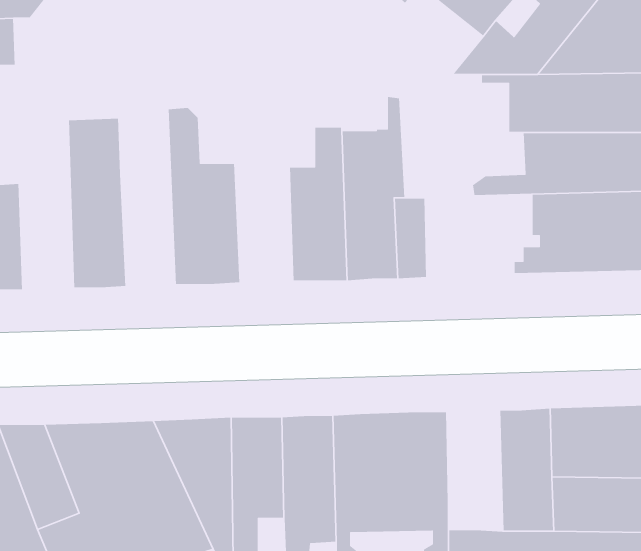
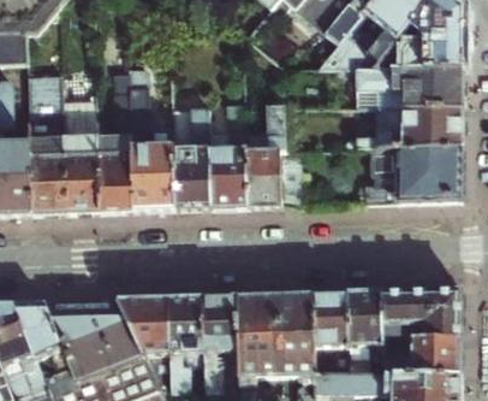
building: none -> [29,72,67,212]
building: none -> [99,73,135,210]
building: none -> [174,88,213,207]
building: none -> [315,291,352,372]

